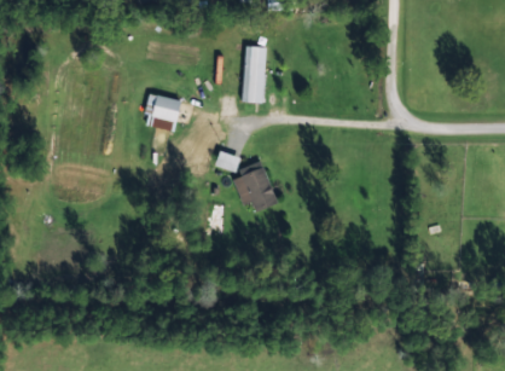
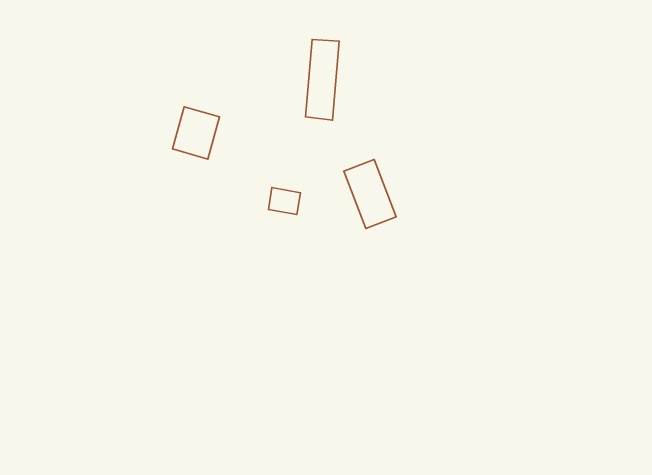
building: [238,161,275,210] -> [344,159,396,229]

